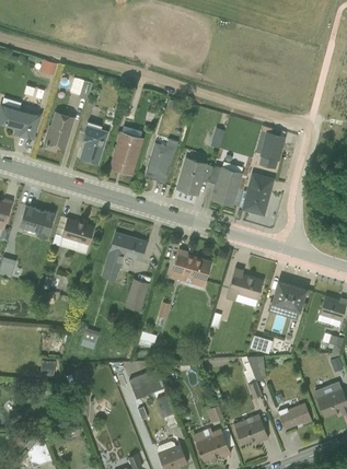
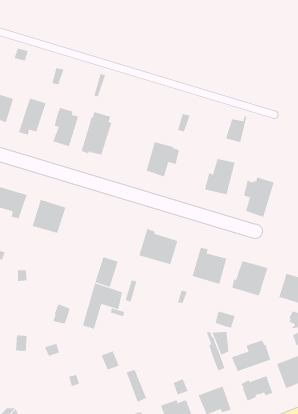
building: [144,140,177,185] -> none
building: [209,163,242,206] -> [243,177,274,218]
building: [102,233,144,282] -> [82,283,123,330]
building: none -> [231,339,271,372]

